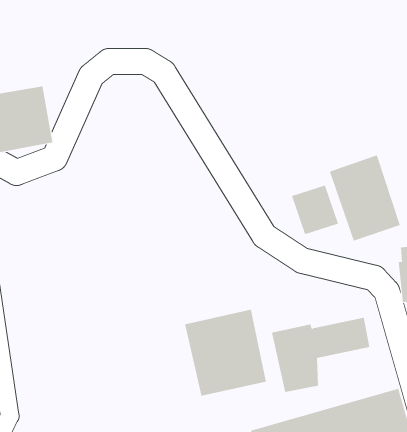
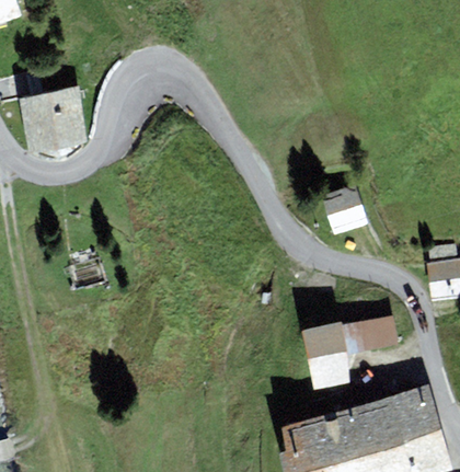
building: [329,155,401,242] -> none
building: [185,309,266,396] -> none

